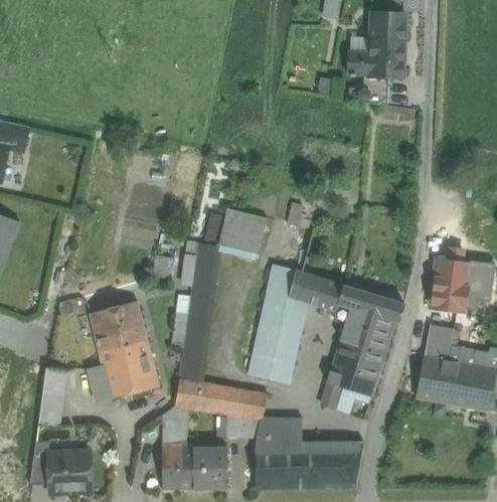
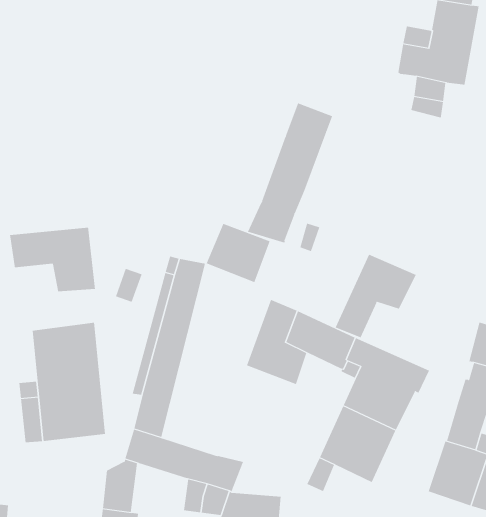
building: none -> [247,102,333,244]
building: none -> [335,254,417,338]
building: none -> [10,227,96,292]
building: [247,318,302,382] -> none

